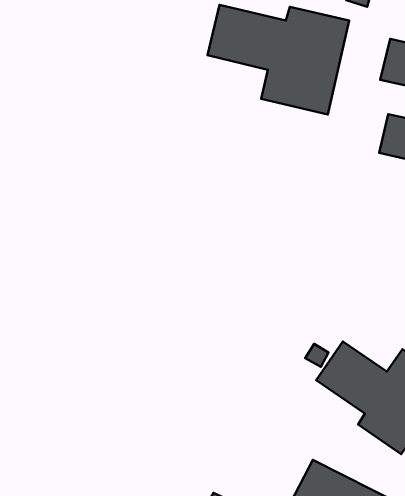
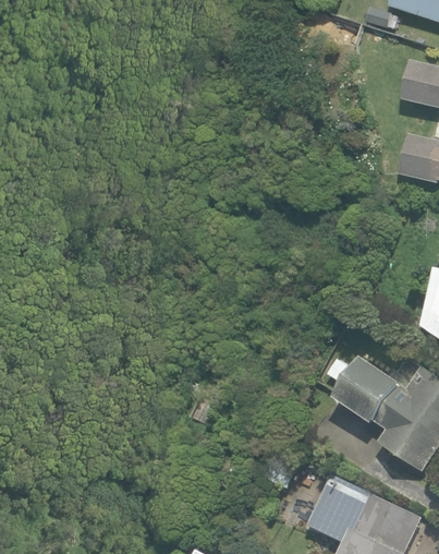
building: [208,5,349,114] -> none

